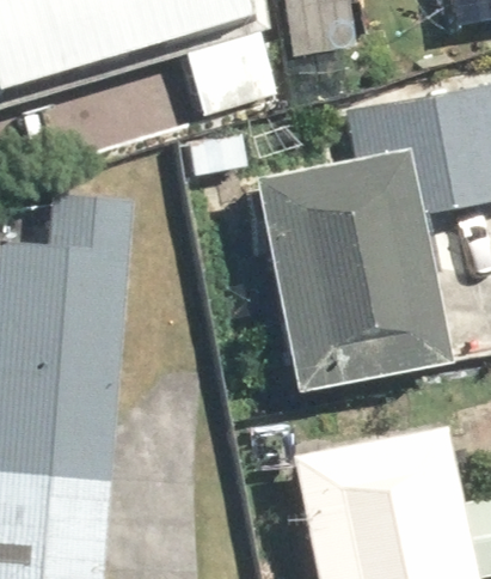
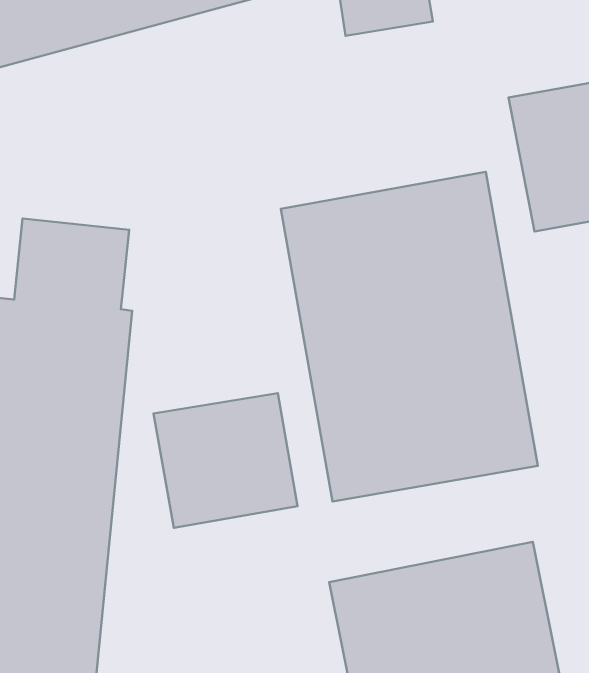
building: none -> [154,393,298,528]

